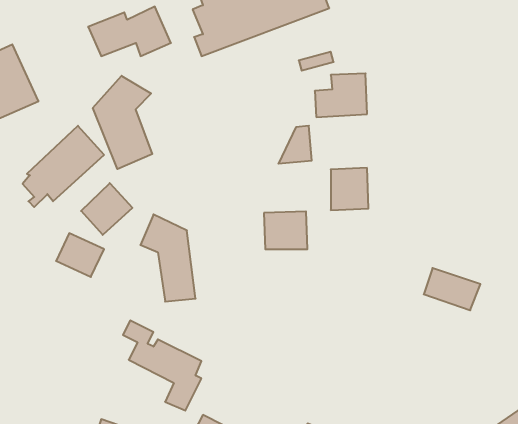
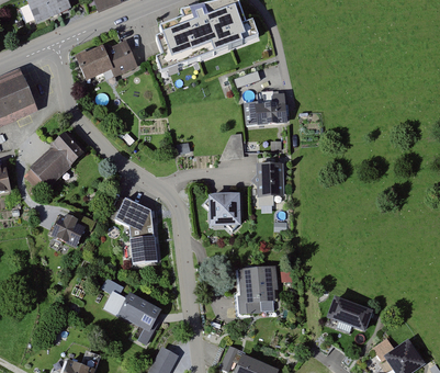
building: [93,76,152,169] -> none
building: [81,183,132,235] -> none
building: [424,268,480,310] -> [327,296,370,328]
building: none -> [235,267,277,314]

